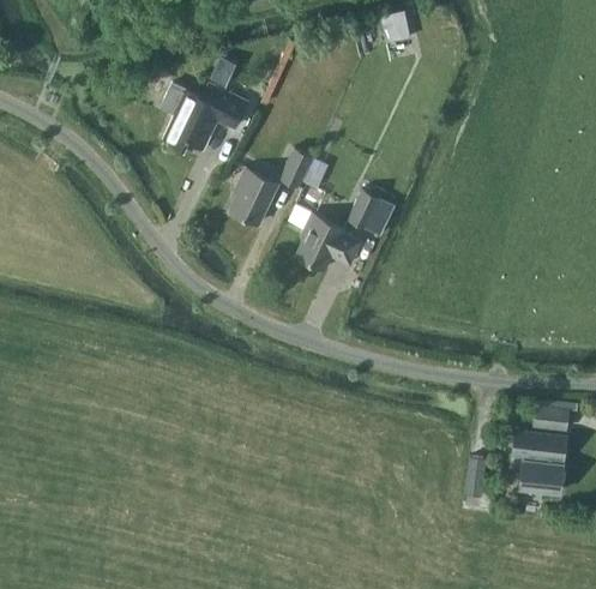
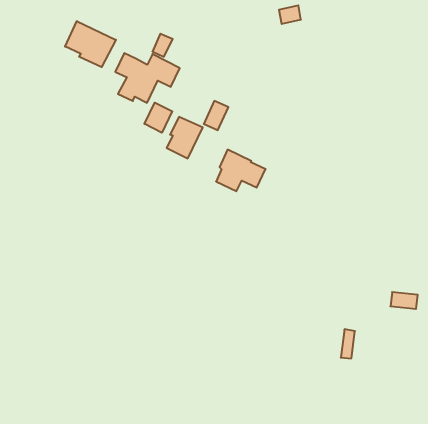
building: none -> [65,21,116,67]
building: none -> [144,103,172,133]
building: [347,188,399,239] -> none
building: [512,431,566,494] -> none

